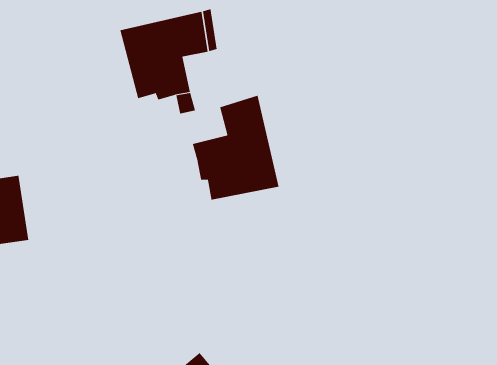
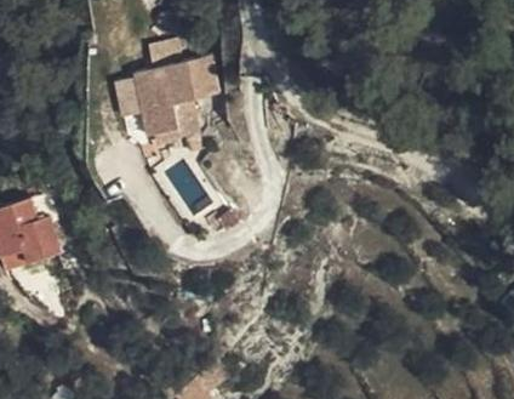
building: [192,95,279,201] -> none

